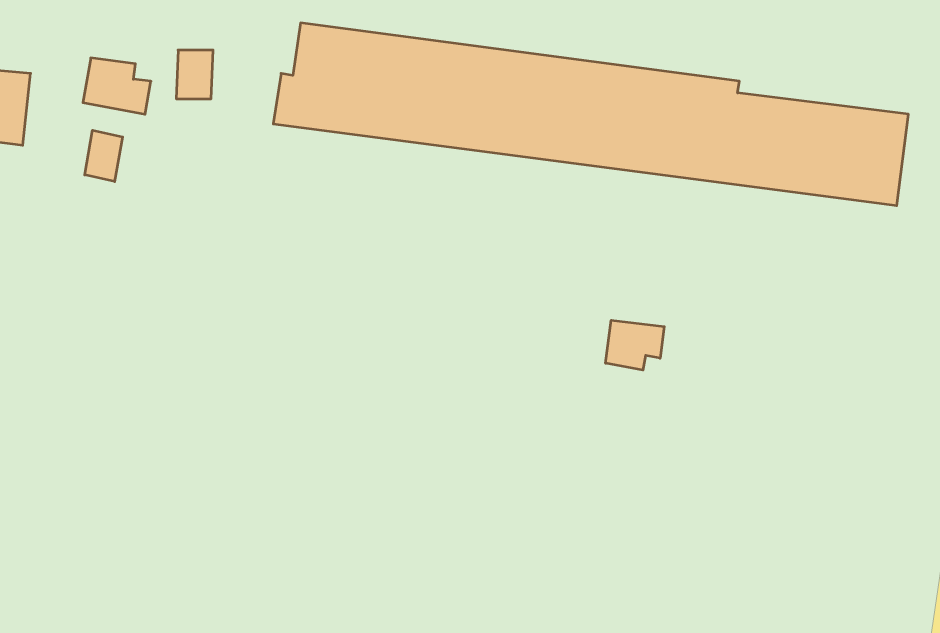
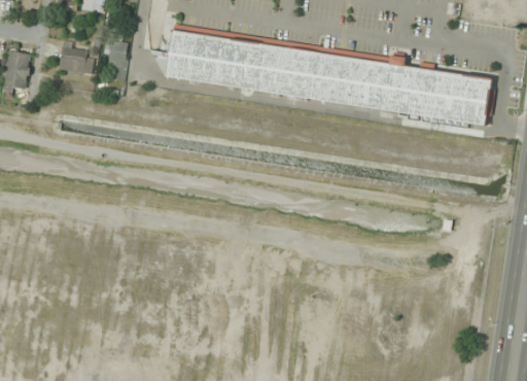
building: [85,130,123,182] -> none
building: [606,320,664,370] -> none

